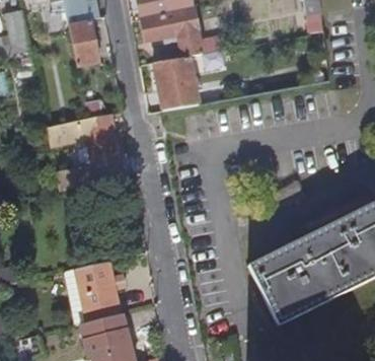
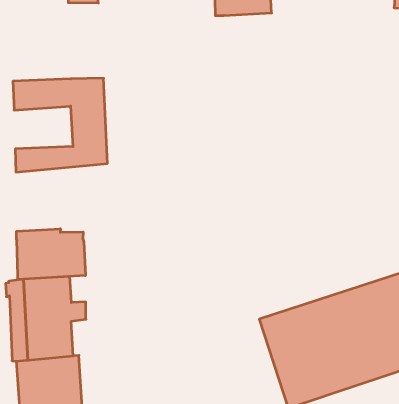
building: [151,56,197,111] -> none
building: none -> [17,229,85,280]

